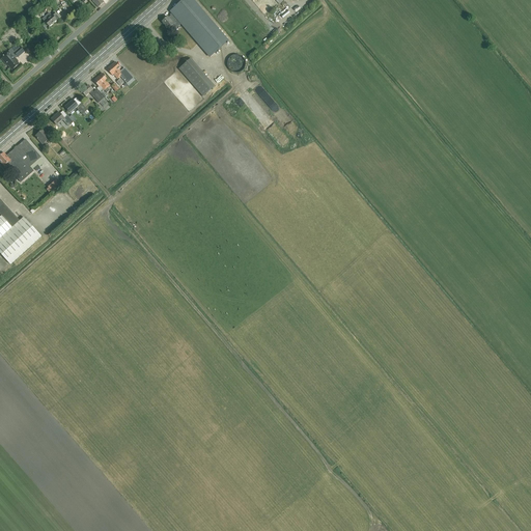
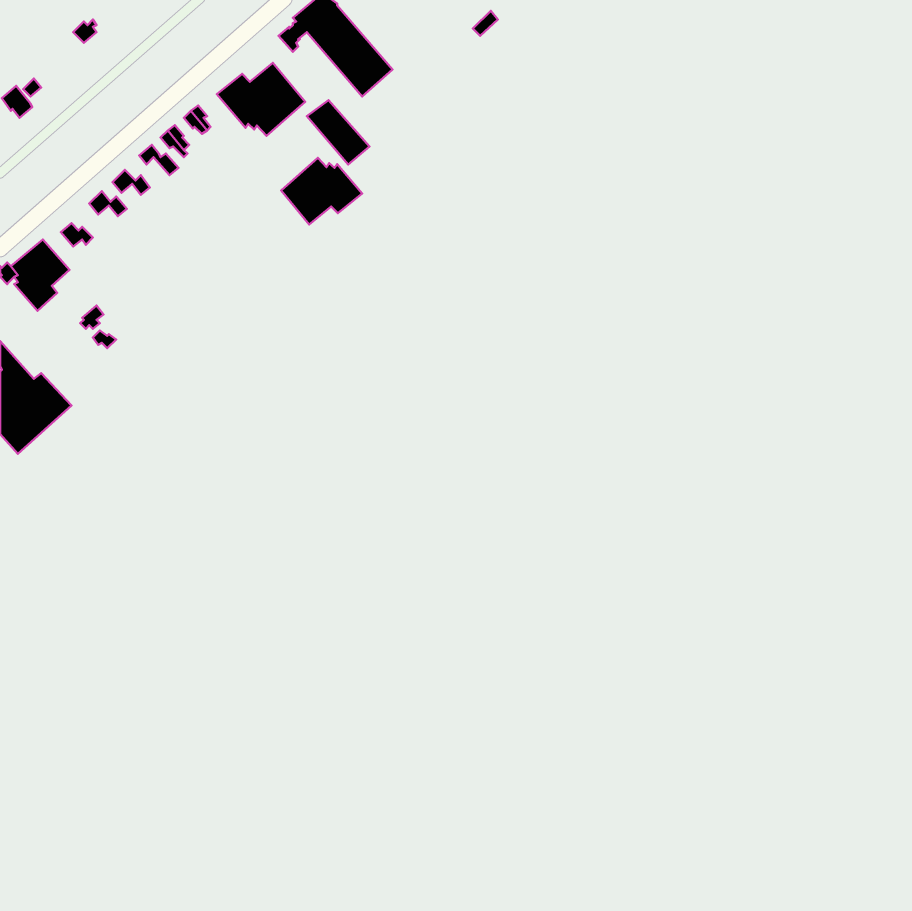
building: none -> [217,63,305,136]
building: none -> [281,158,362,224]

